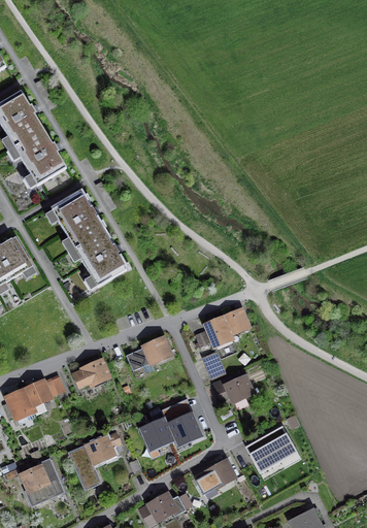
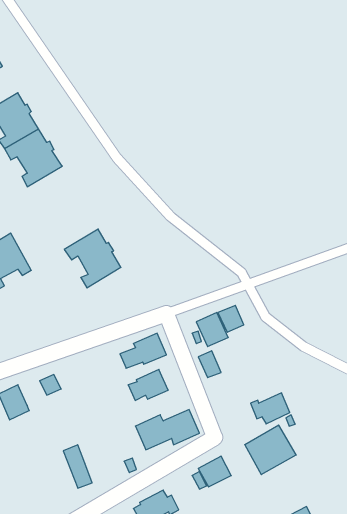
building: [47,194,103,252] -> none
building: [69,358,109,389] -> [128,369,168,400]
building: [214,373,254,404] -> [251,393,290,424]
building: [23,378,52,407] -> none
building: [81,433,121,465] -> none
building: [15,459,64,507] -> none

